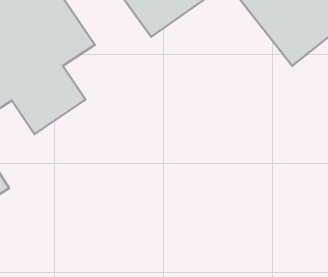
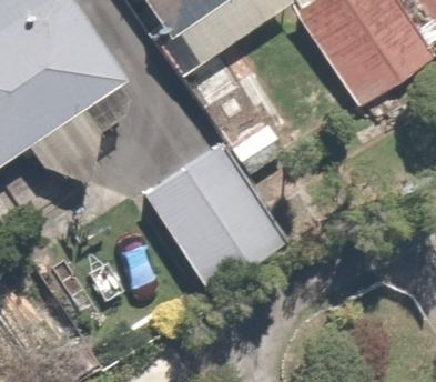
building: none -> [145,147,285,292]

